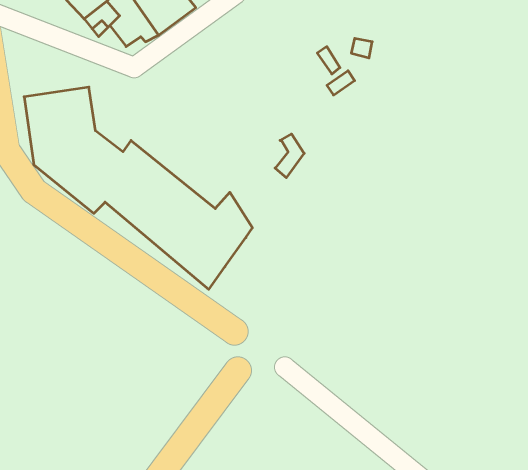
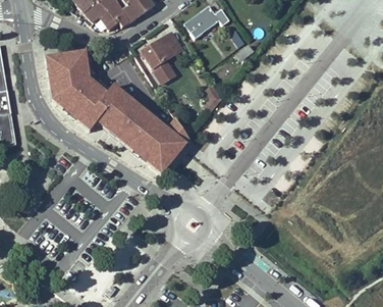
building: none -> [183,7,228,40]
building: none -> [142,34,181,85]

